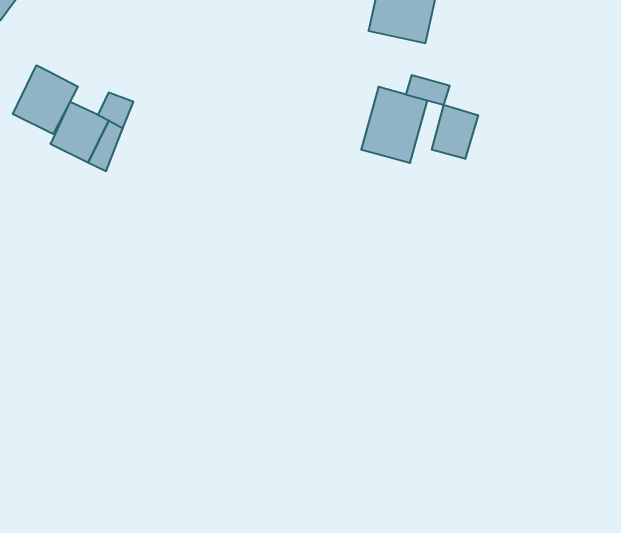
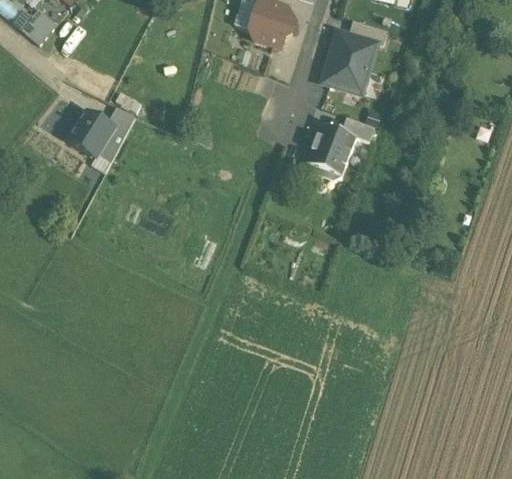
building: [13,65,78,134] -> none
building: [432,105,478,159] -> none

